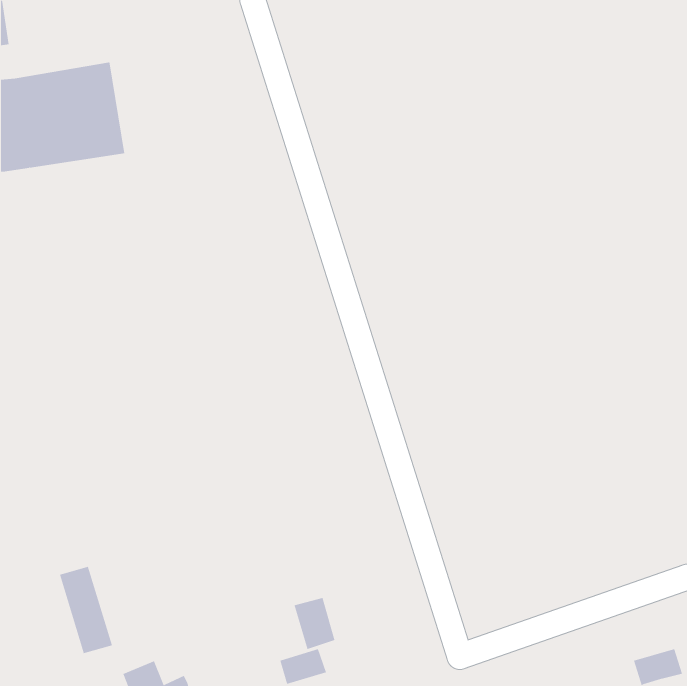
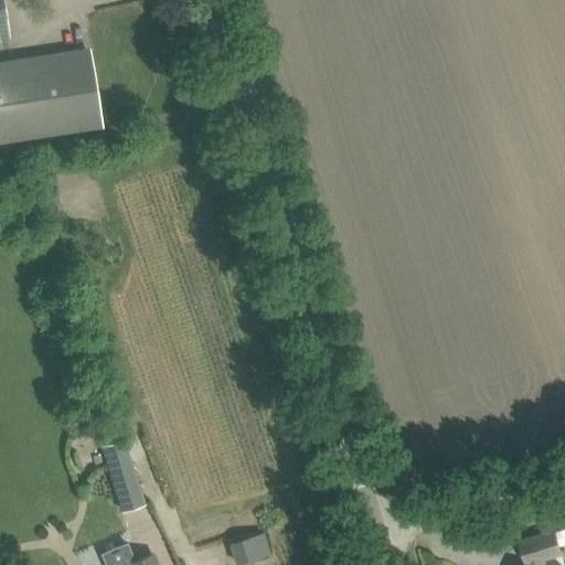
building: [59,566,113,654] -> [100,440,145,512]
building: [294,597,335,650] -> none

